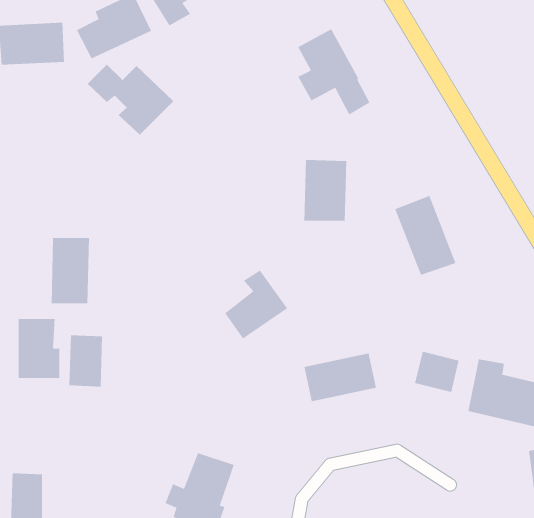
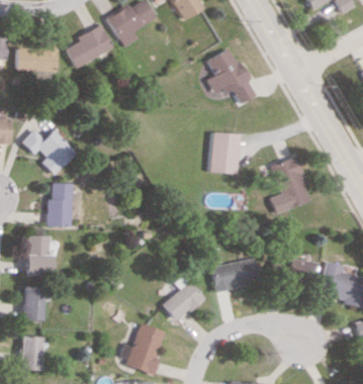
building: [87,64,174,135] -> [20,128,77,175]
building: [224,269,288,340] -> [165,275,206,320]
building: [69,334,103,387] -> [23,286,46,320]

